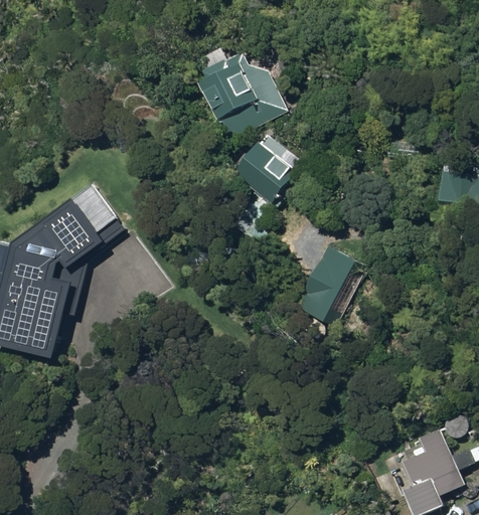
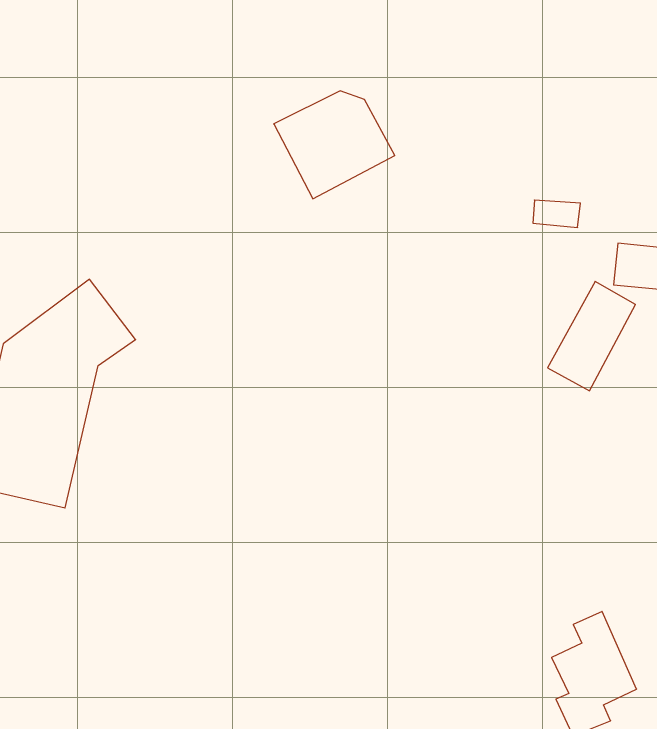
building: [236,133,306,203] -> none
building: [297,243,358,320] -> [548,281,635,391]

